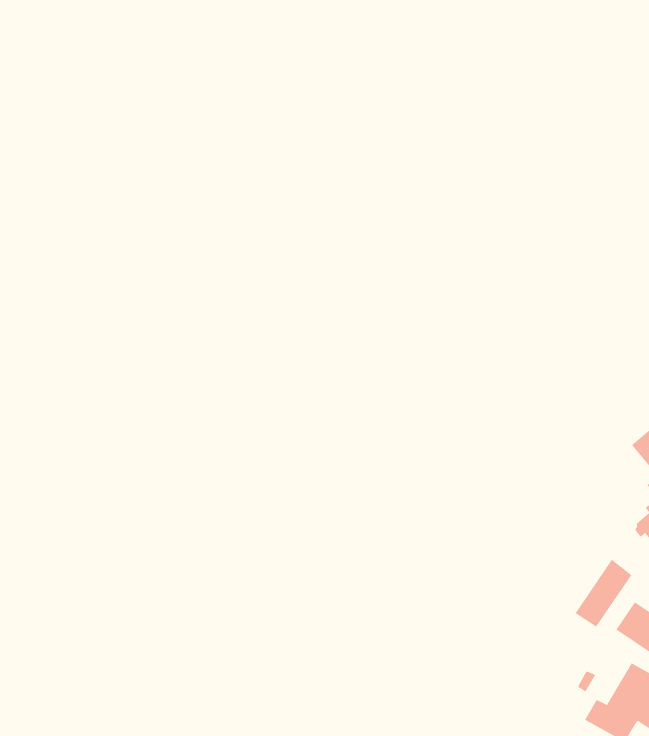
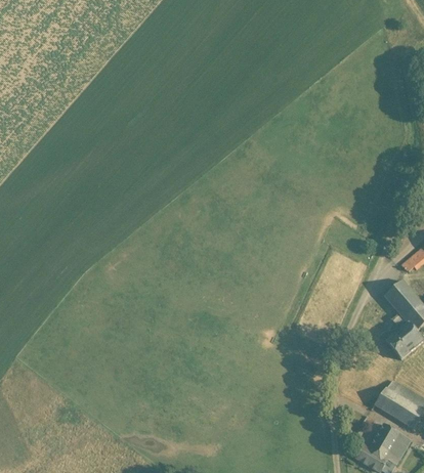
building: [575,559,632,628] -> none

